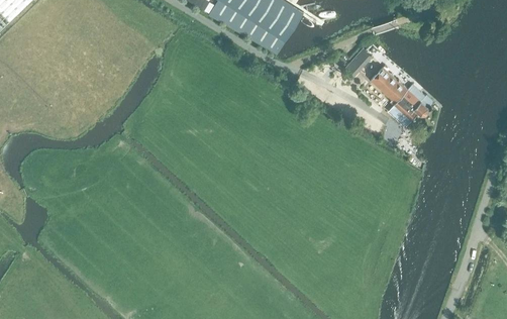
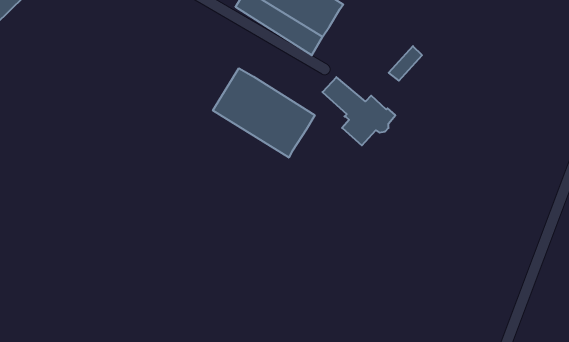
building: [371,67,434,126] -> [322,77,395,145]
building: none -> [213,68,315,158]

